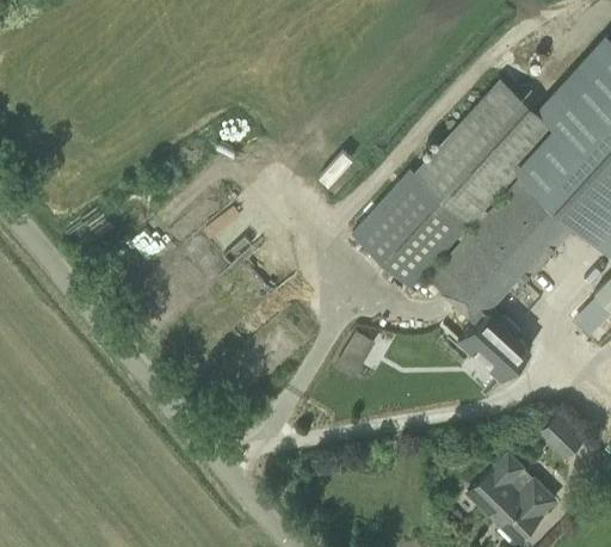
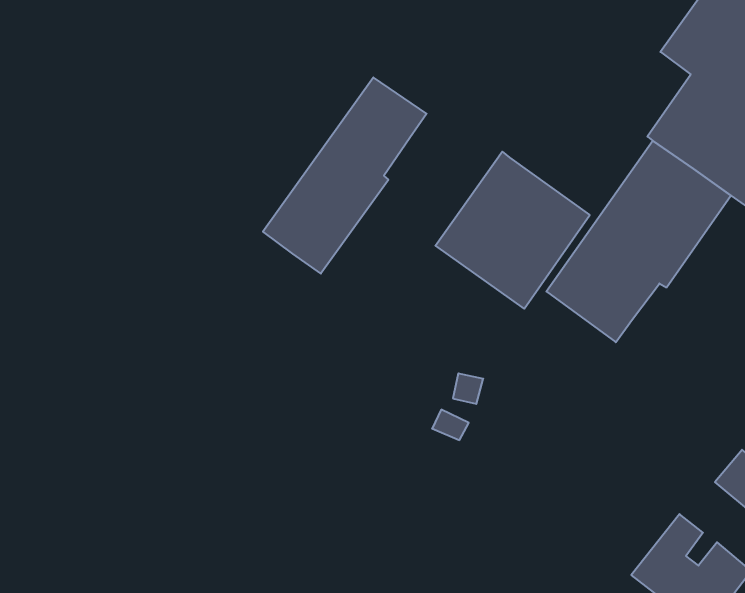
building: [414,84,554,227] -> none
building: none -> [263,77,427,274]
building: [458,307,530,376] -> none

